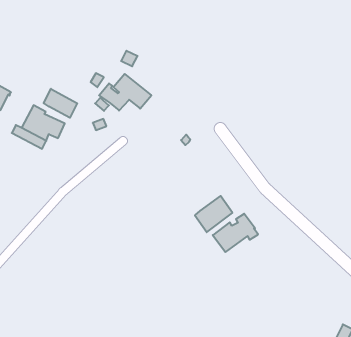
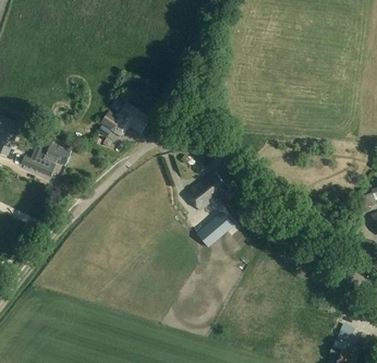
building: [44,89,77,118] -> none
building: [213,214,258,252] -> [185,171,228,208]

